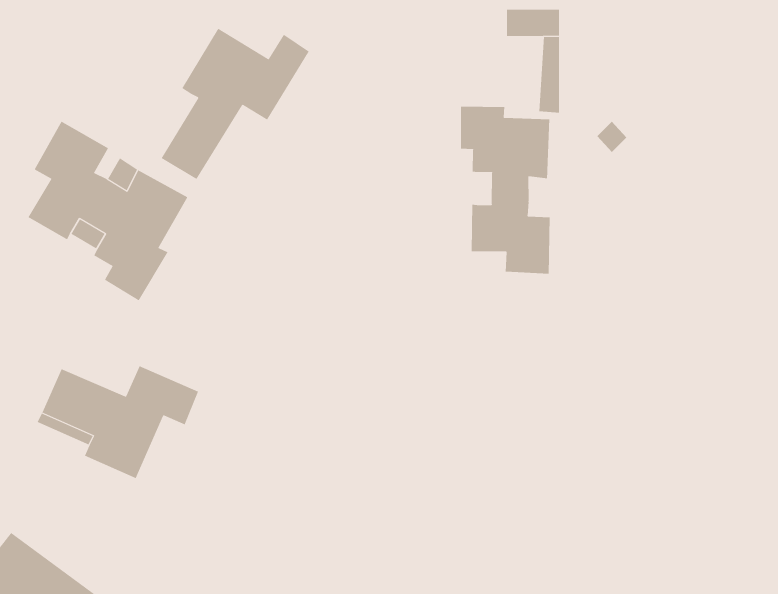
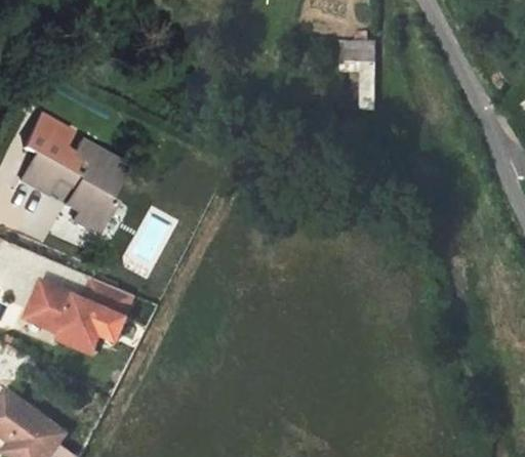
building: [161,28,310,180] -> none
building: [460,106,550,274] -> none

